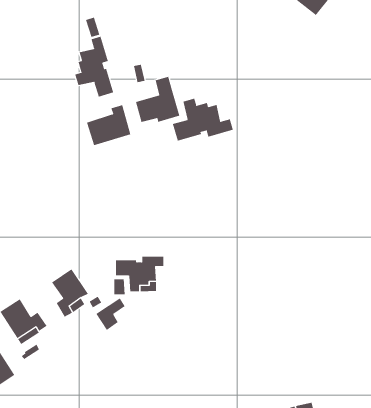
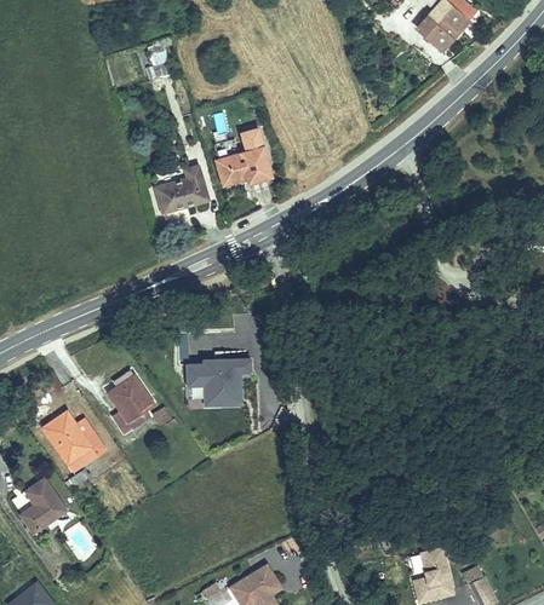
building: [75,36,114,97] -> none
building: [172,98,233,142] -> none
building: [95,297,126,331] -> none

